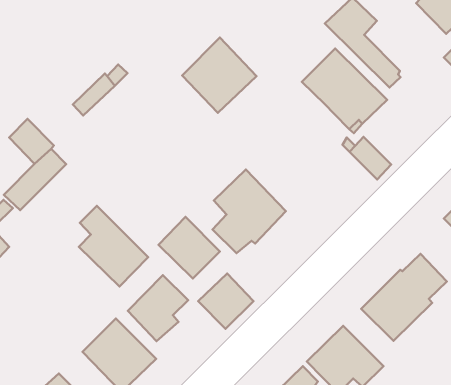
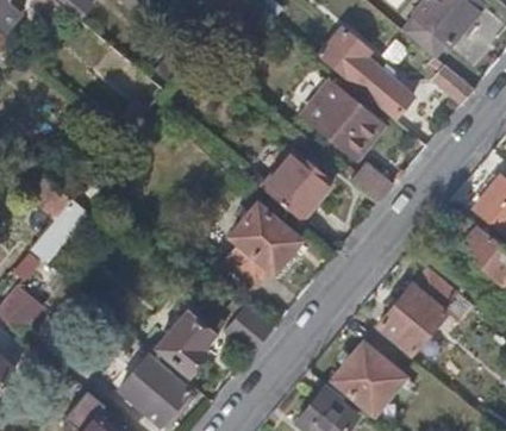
building: [182,38,256,113] -> [262,149,332,220]
building: [79,206,148,286] -> none
building: [159,217,220,278] -> none

